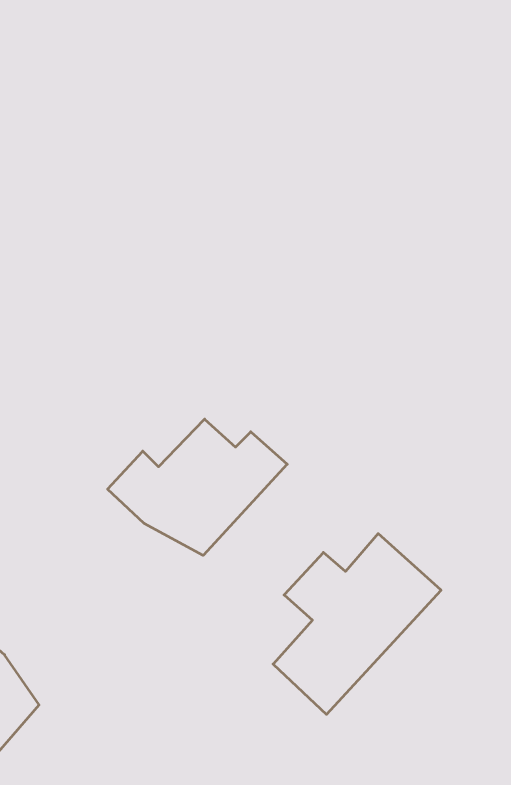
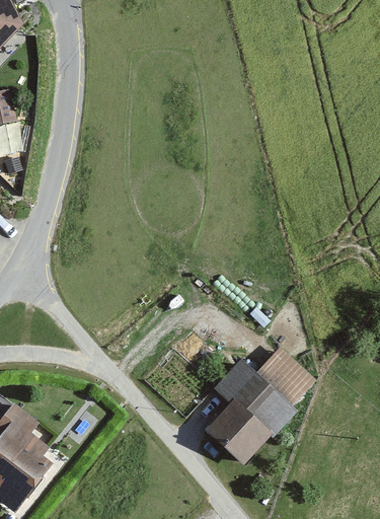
building: [108,419,287,555] -> none

